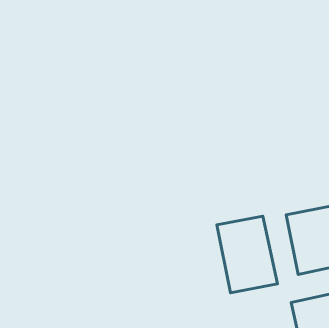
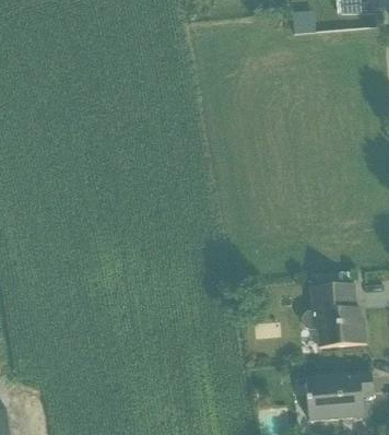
building: [217,216,277,293] -> none

